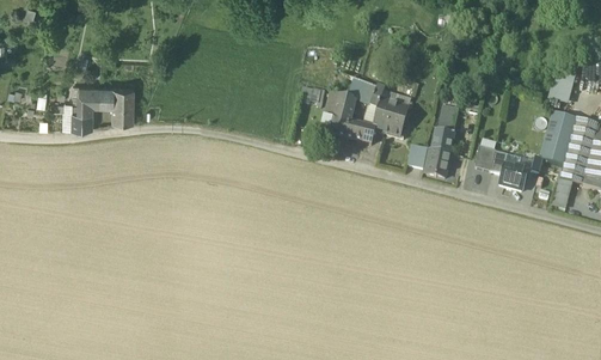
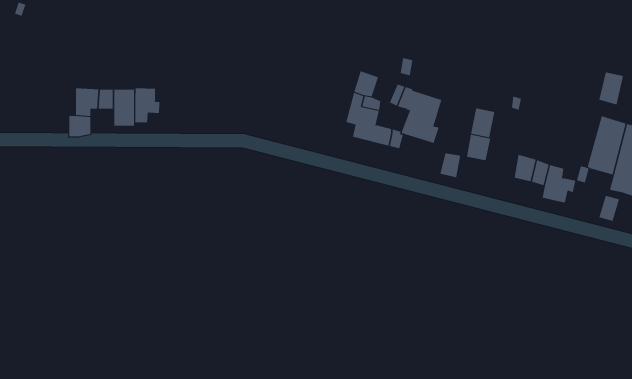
building: none -> [135,88,160,123]
building: [423,148,450,176] -> none

